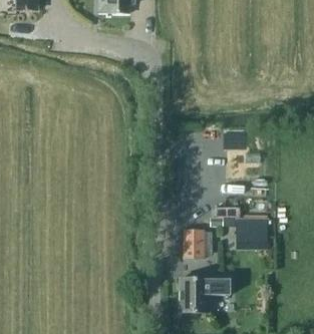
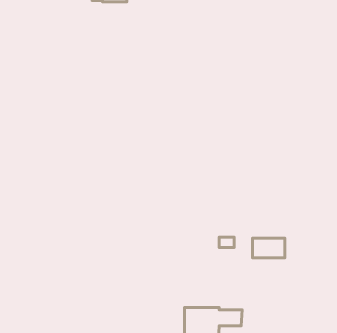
building: [183,229,204,258] -> none

